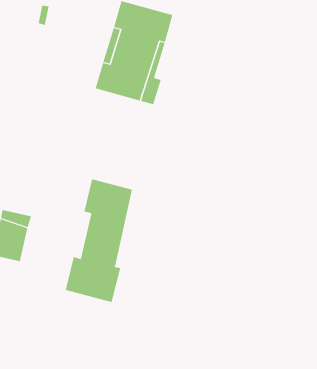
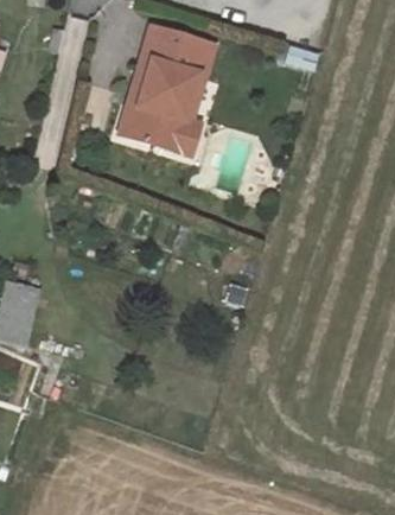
building: [65,179,132,303] -> none

